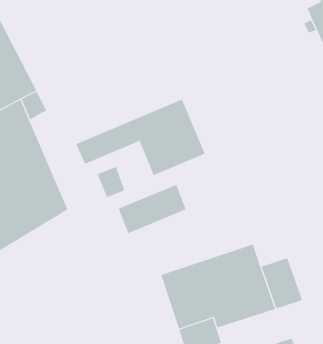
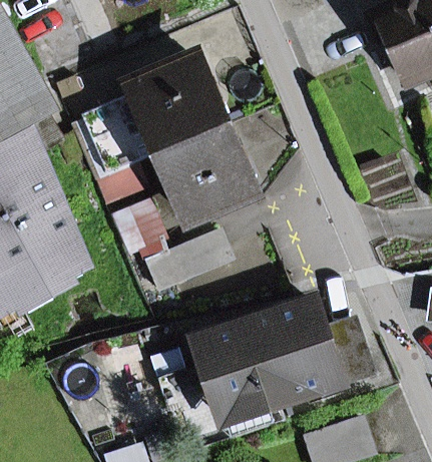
building: none -> [85,58,226,172]

